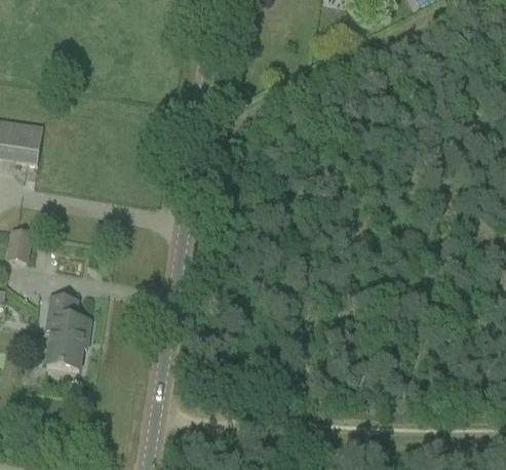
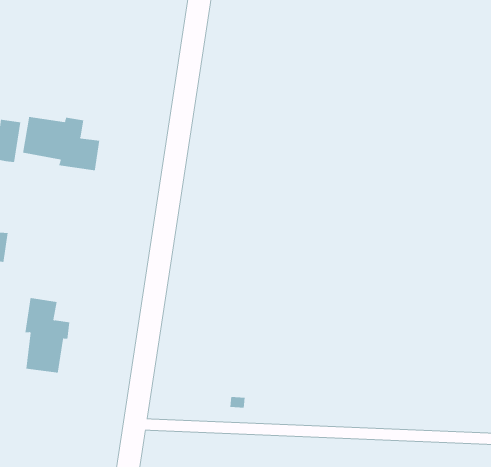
building: none -> [22,116,100,171]

